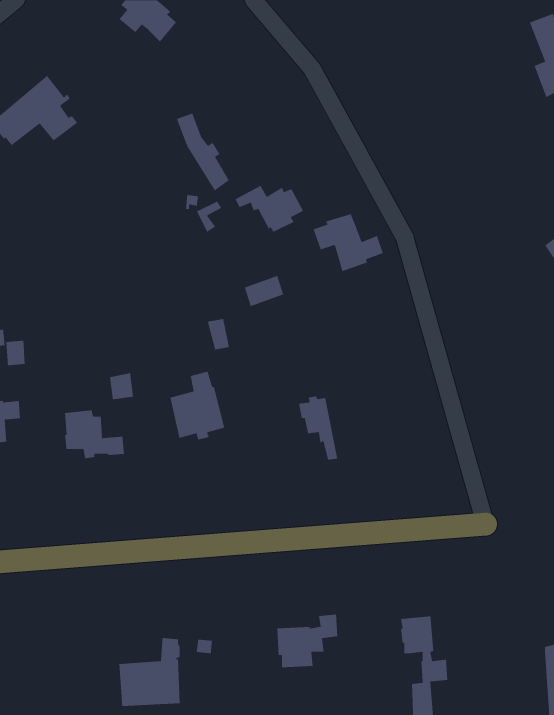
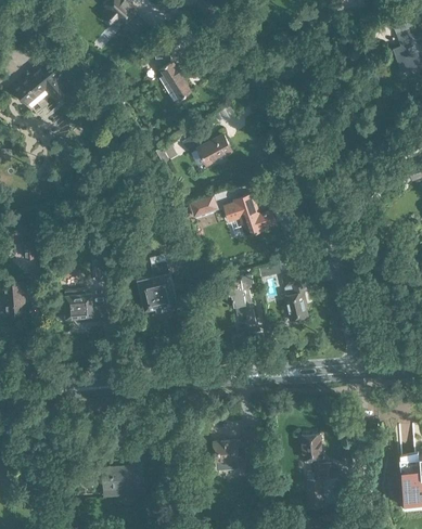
building: [176,112,230,191] -> [152,46,190,101]
building: [313,213,384,272] -> [223,196,273,237]
building: none -> [280,273,305,321]

